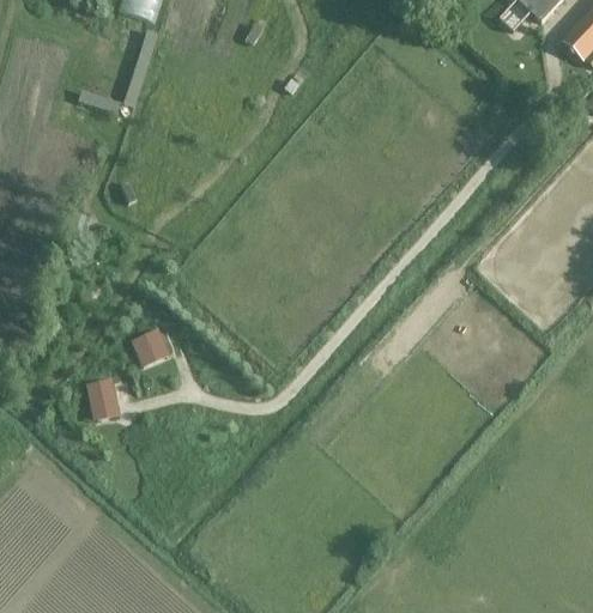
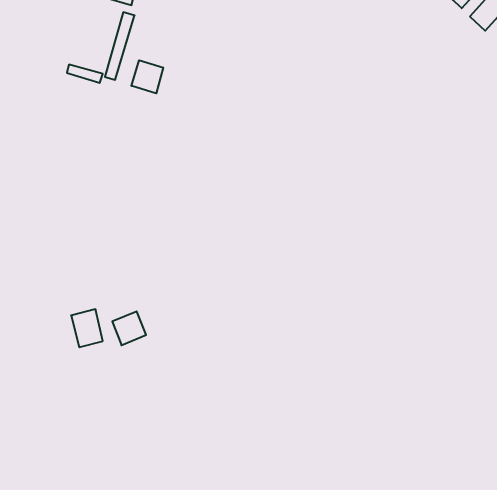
building: none -> [131,60,163,93]
building: [132,327,171,366] -> [112,311,146,345]

